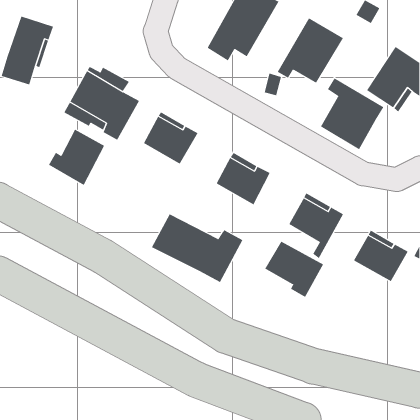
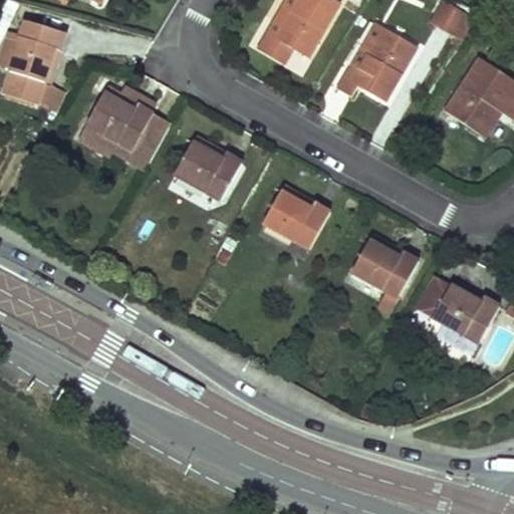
building: [320,78,384,150] -> none
building: [48,129,105,186] -> none
building: [151,214,243,283] -> none
building: [265,241,324,298] -> none

